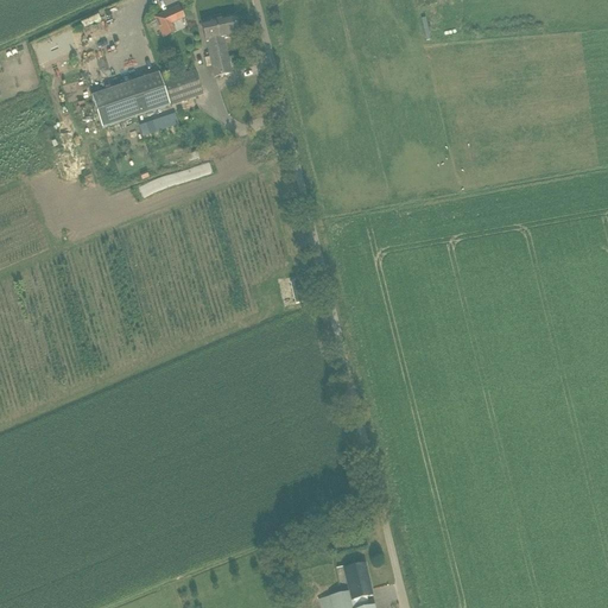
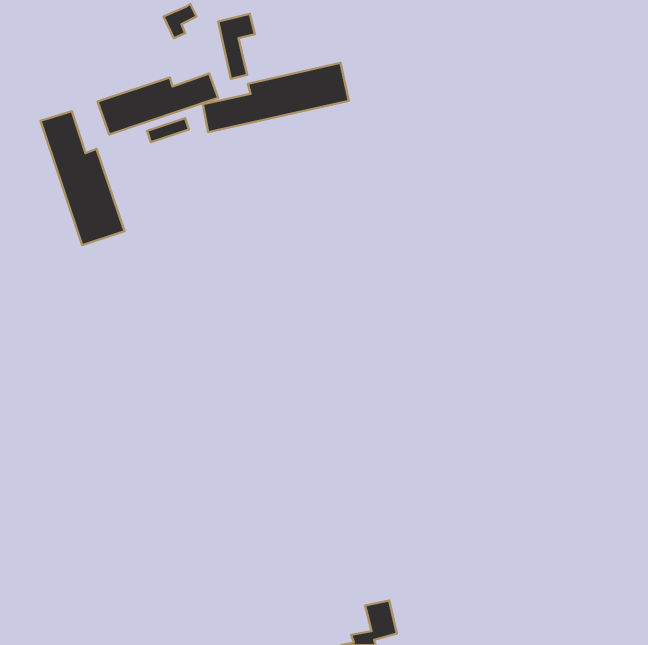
building: none -> [203,63,349,132]
building: none -> [40,111,125,245]

